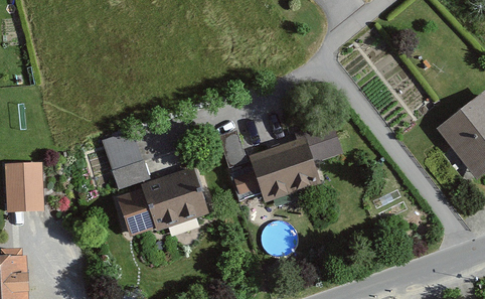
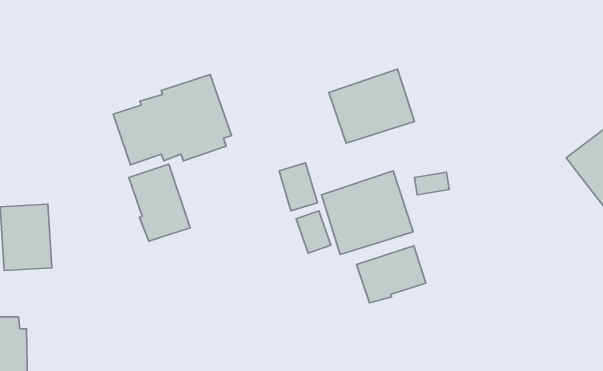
building: none -> [329,69,414,143]
building: [119,167,208,236] -> [113,74,231,165]
building: none -> [357,246,426,303]

